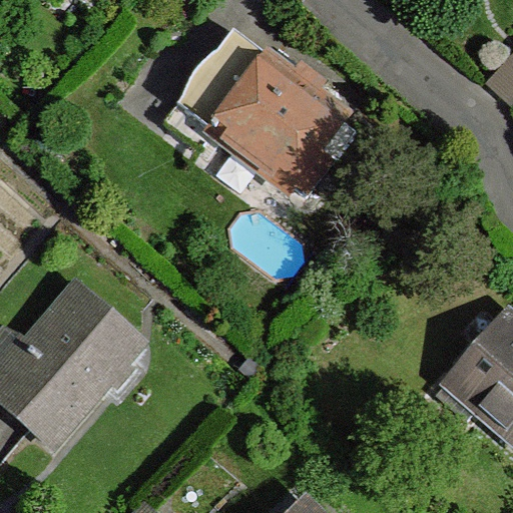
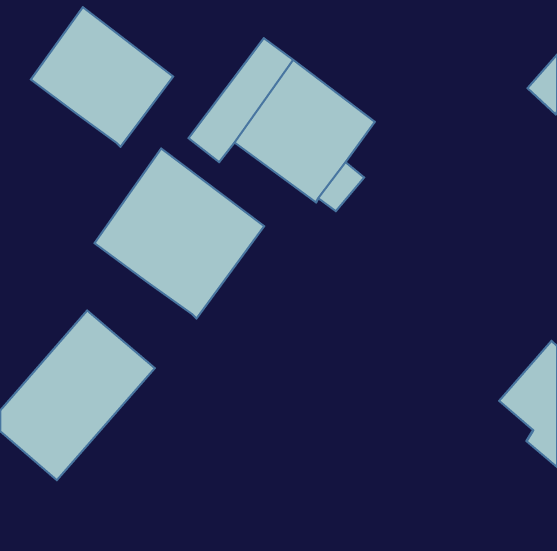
building: none -> [31,7,173,147]
building: none -> [94,148,264,318]

